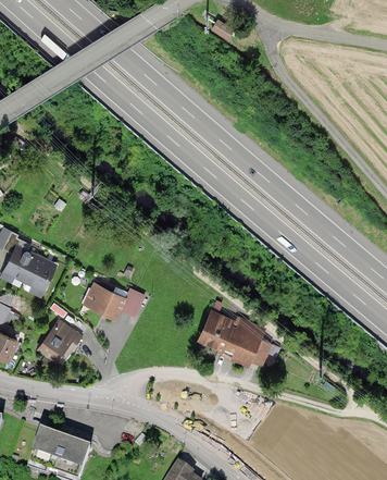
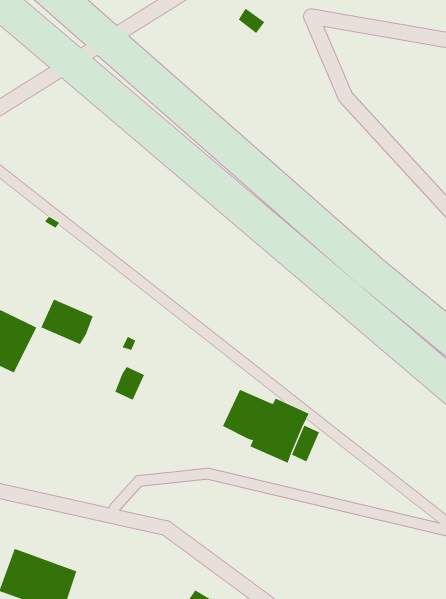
building: [83,283,123,318] -> [40,299,94,345]
building: [36,320,77,360] -> none

